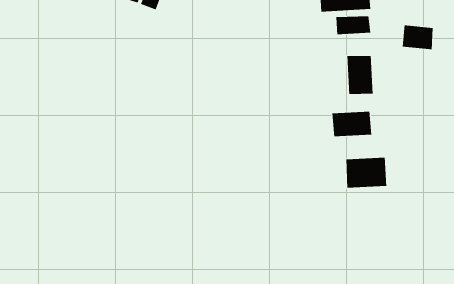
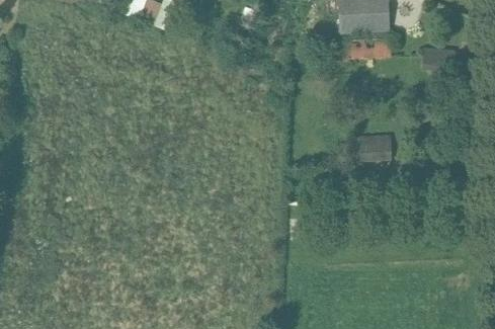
building: [347,55,373,95] -> none
building: [346,157,387,188] -> none

